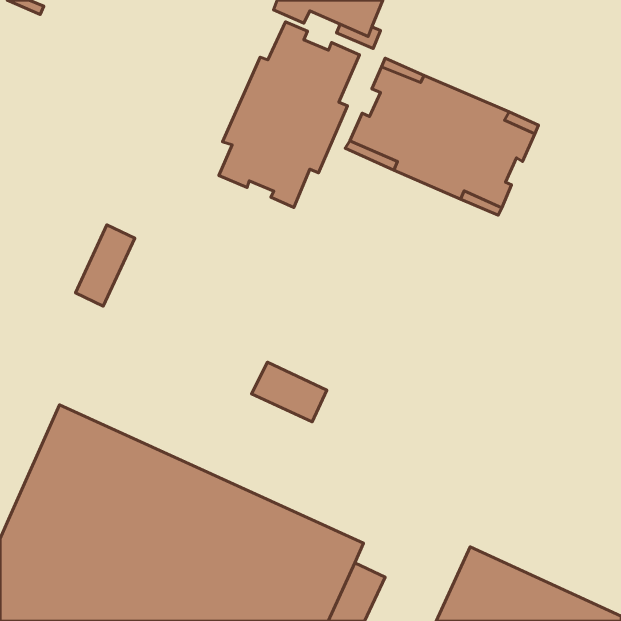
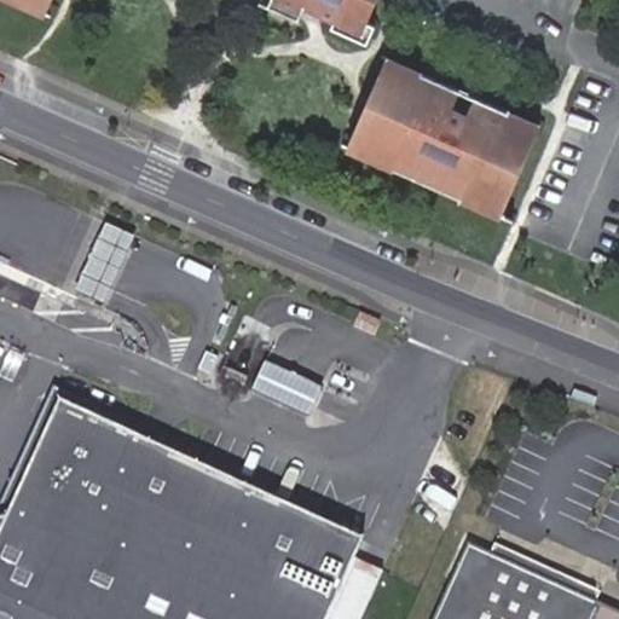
building: [219,22,360,207] -> none

